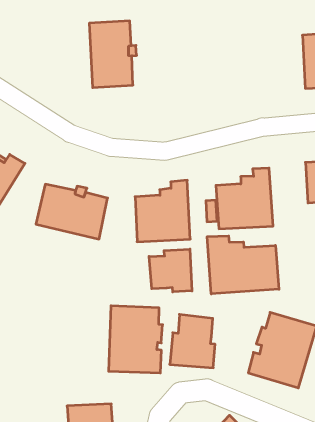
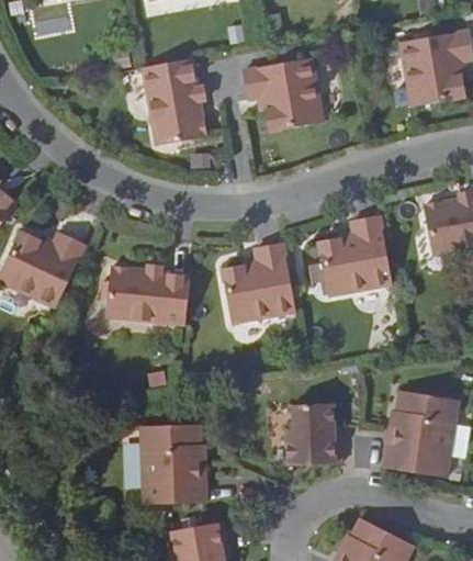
building: none -> [245,64,325,136]
building: [207,236,279,294] -> none
building: [149,249,192,292] -> none
building: [109,306,163,373] -> [137,424,206,507]

